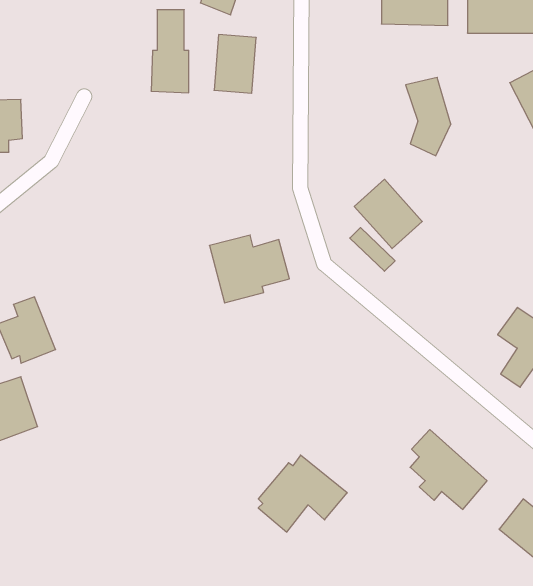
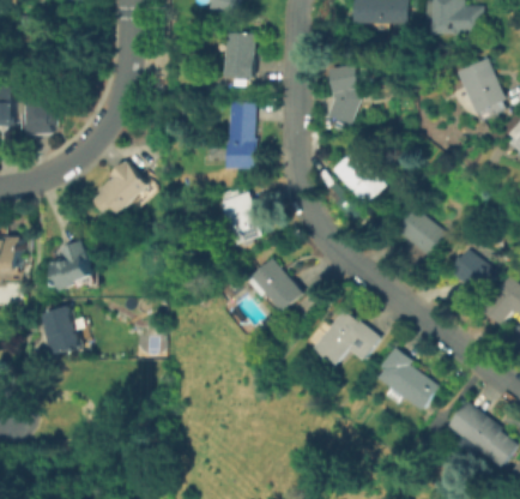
building: [151,10,189,93] -> [225,102,255,168]
building: [406,77,451,156] -> [326,61,362,124]
building: none -> [87,160,152,215]
building: none -> [394,208,442,261]
building: none -> [246,258,302,313]
building: [258,455,347,532] -> [309,308,380,369]

